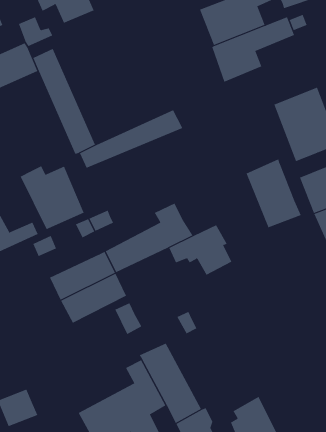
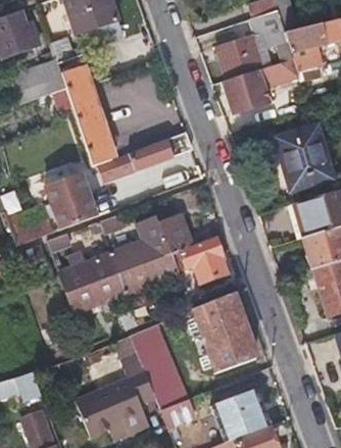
building: [246,159,301,228] -> none
building: none -> [120,255,177,295]
building: none -> [192,293,255,376]

